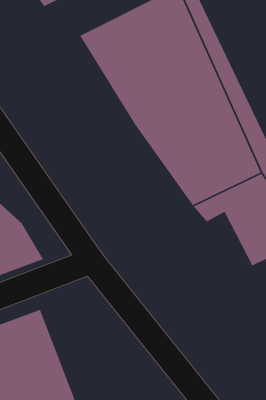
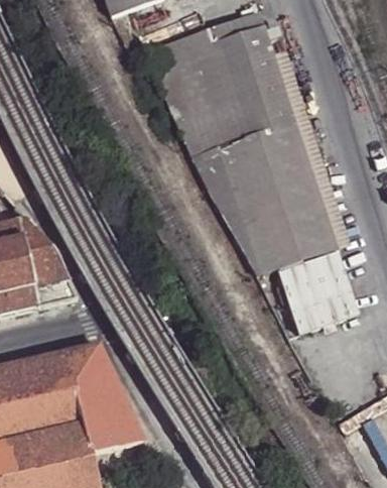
building: none -> [61,344,137,453]

